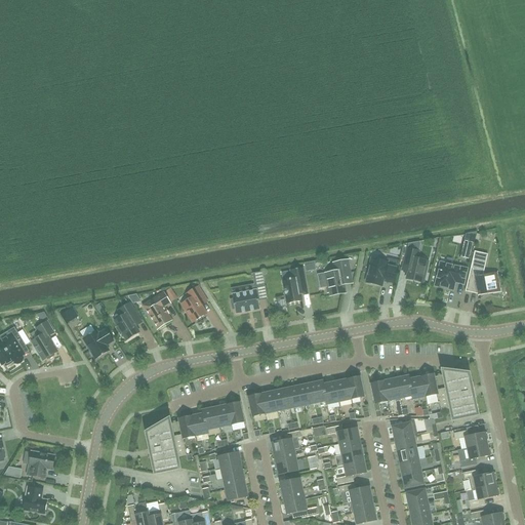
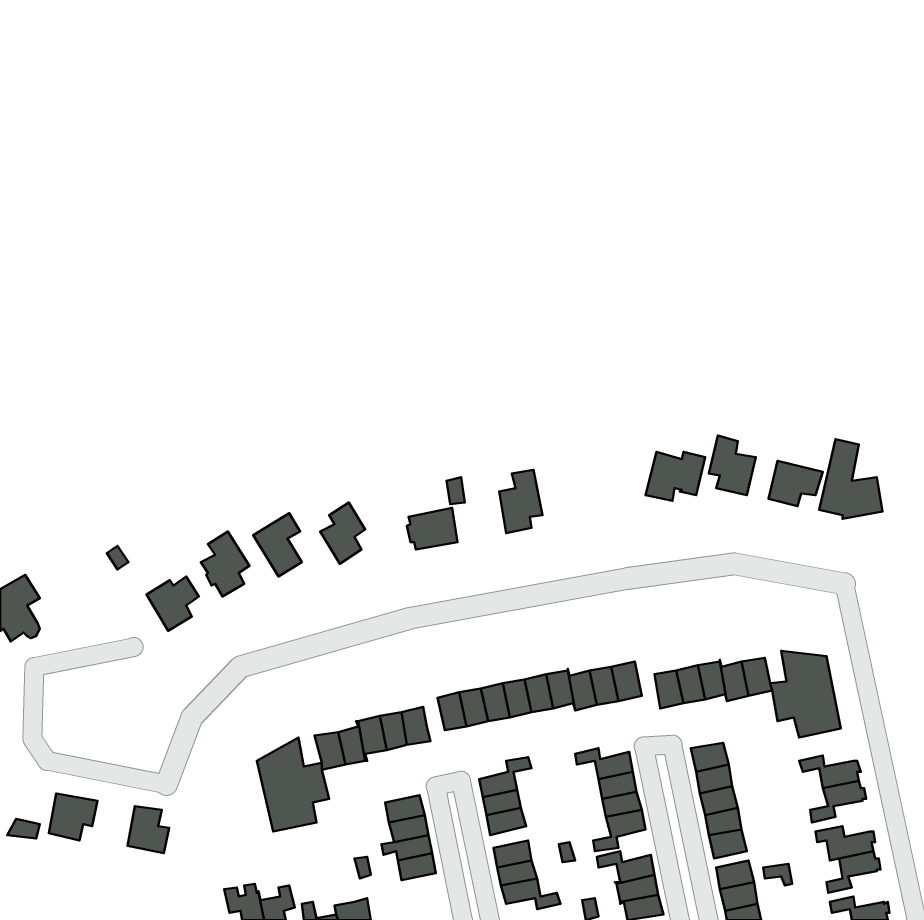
building: [326,259,352,294] -> none
building: [32,320,56,358] -> none
building: [24,486,47,513] -> [128,806,169,853]

